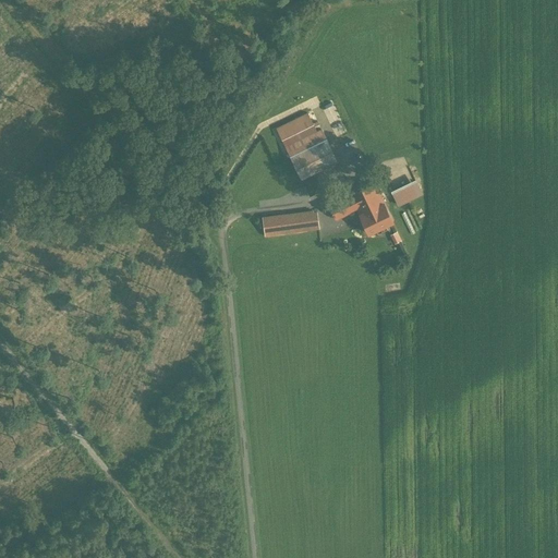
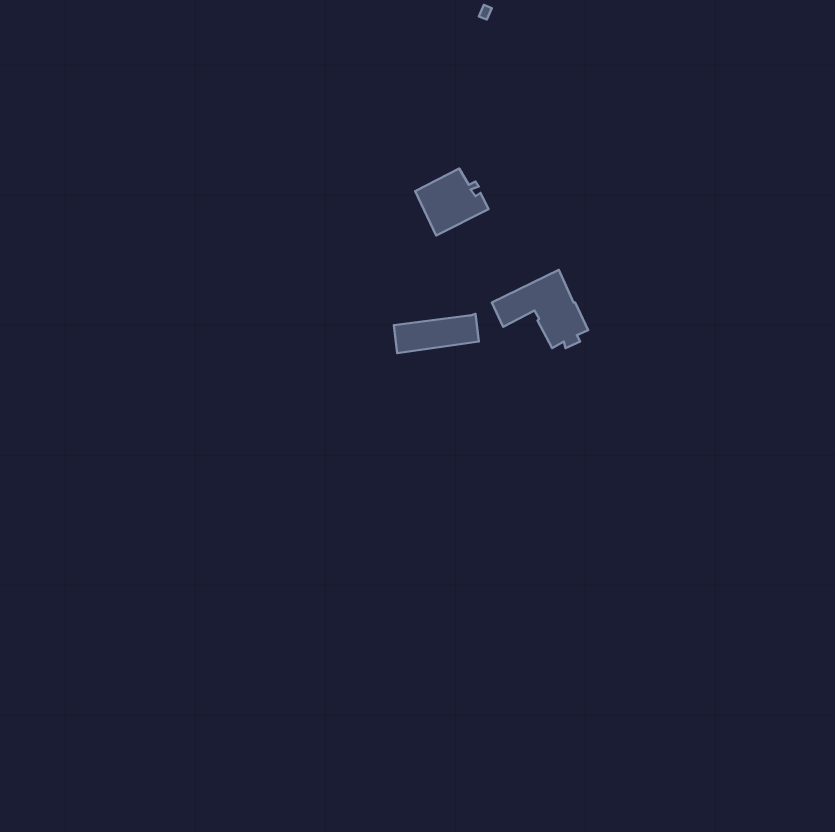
building: [291,142,337,179] -> none
building: [390,180,423,206] -> none

